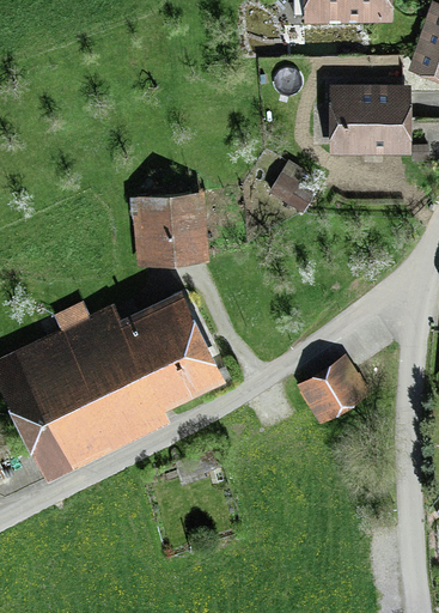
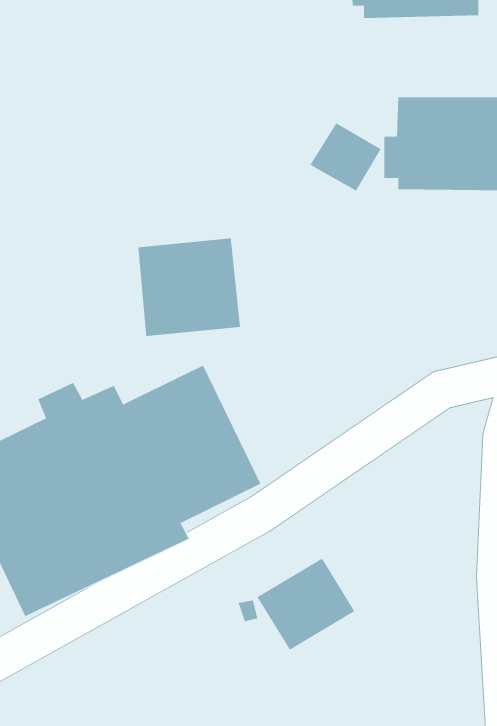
building: [268,160,323,213] -> [309,123,381,192]
building: [295,354,371,425] -> [257,558,355,650]

